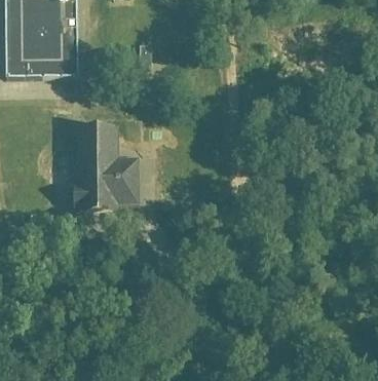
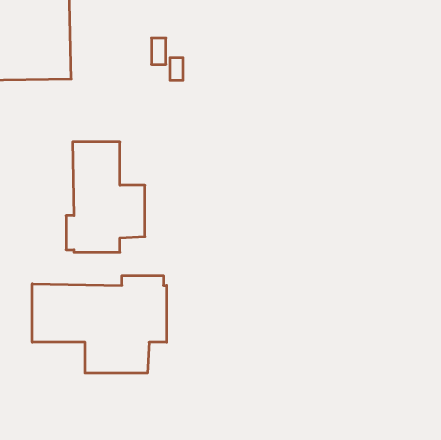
building: none -> [32,276,167,373]

